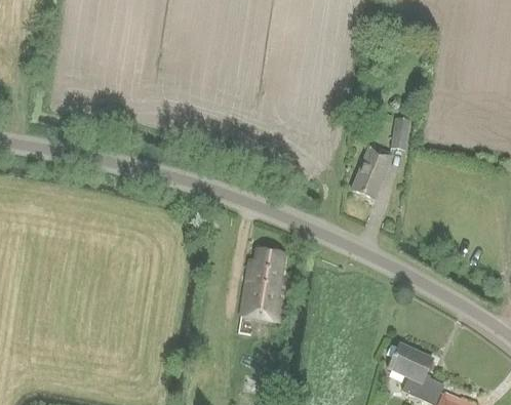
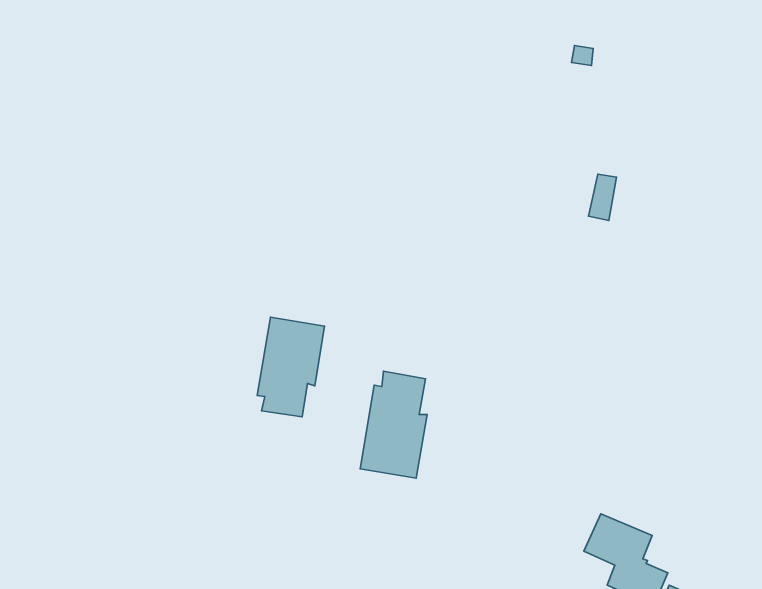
building: [356,148,389,198] -> none
building: none -> [257,317,324,417]

